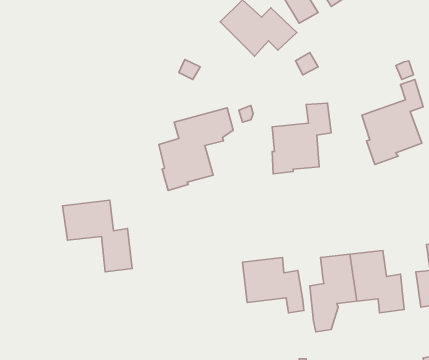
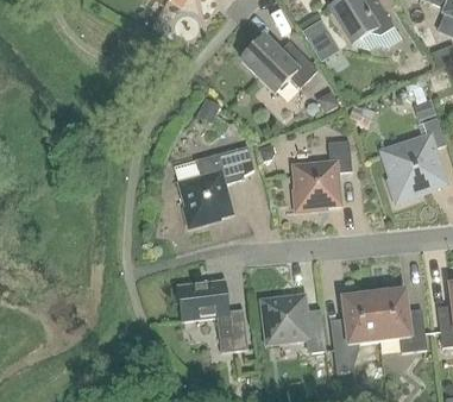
building: [63,200,132,272] -> [177,279,247,352]

